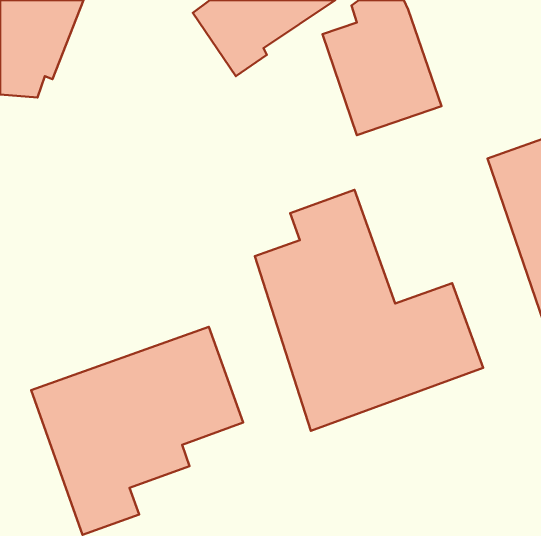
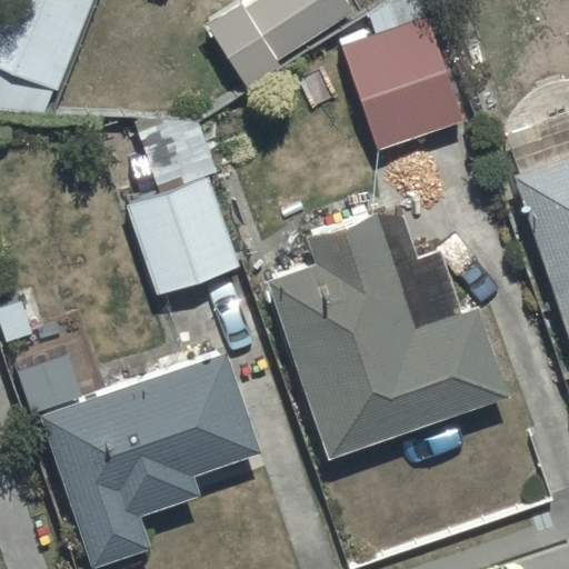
building: none -> [127,126,242,297]

